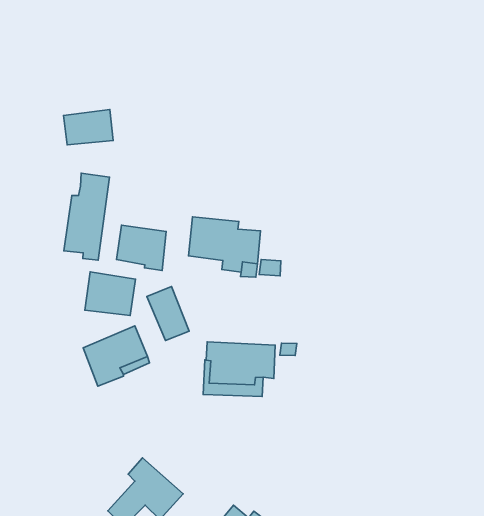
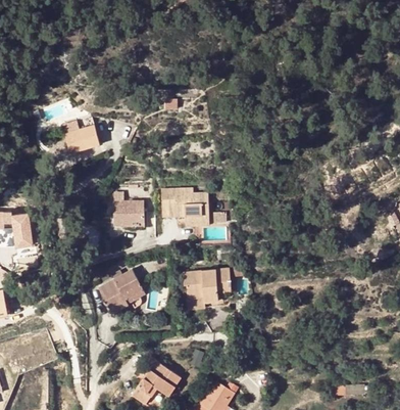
building: [64,173,109,260] -> none
building: [85,272,136,316] -> none
building: [147,287,189,340] -> none

